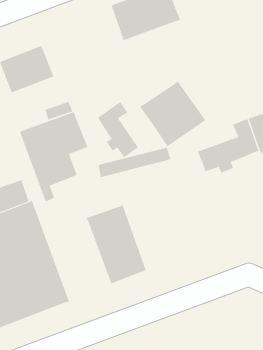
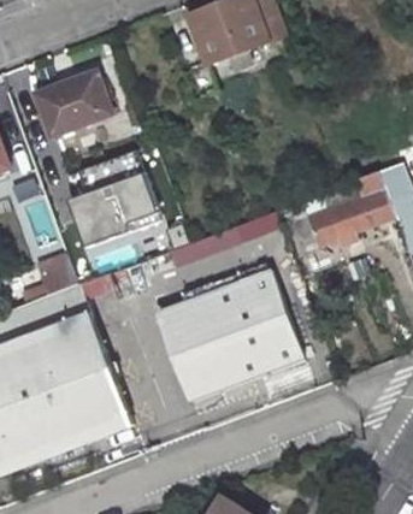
building: [140,81,206,147] -> none
building: [97,101,139,158] -> none
building: none -> [206,270,301,383]

